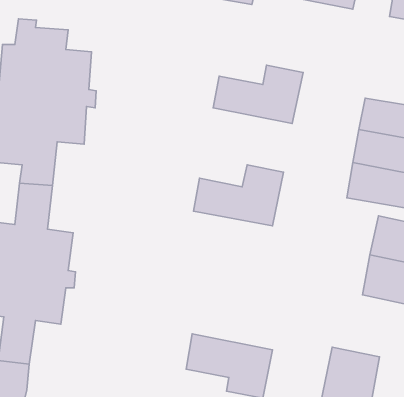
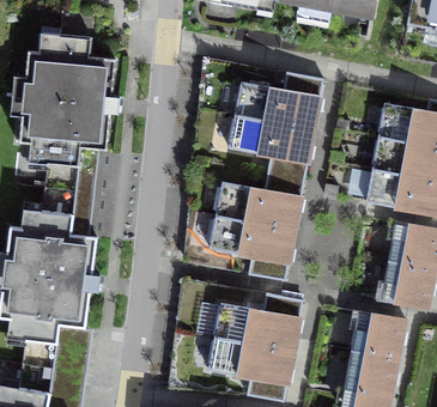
building: none -> [227,115,312,178]
building: none -> [208,217,293,279]
building: none -> [214,296,303,353]
building: none -> [352,312,406,360]

